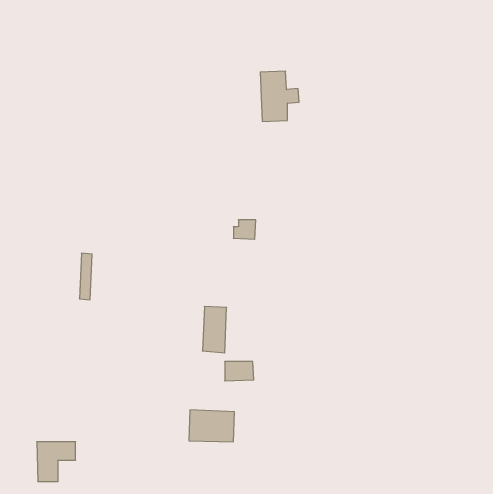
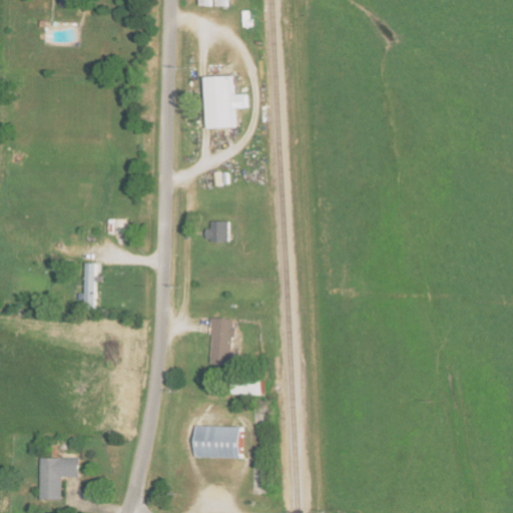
building: [260,71,299,121] -> [206,75,246,127]
building: [233,220,256,239] -> [204,220,227,240]

